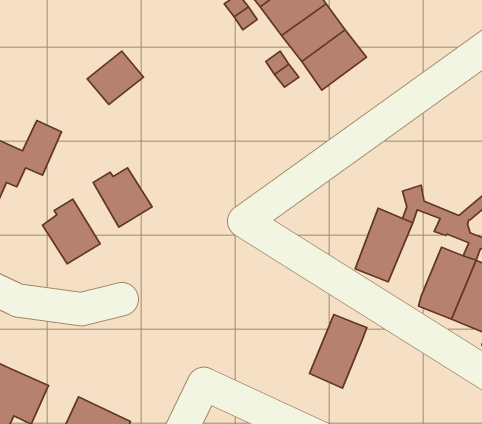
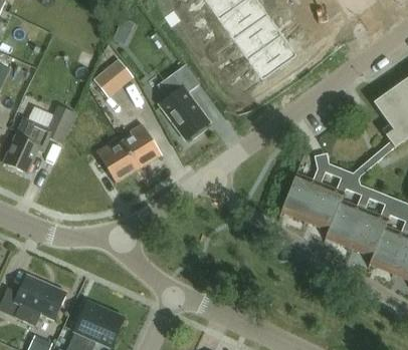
building: none -> [157,64,210,140]
building: [43,199,100,264] -> [122,122,162,167]
building: [309,315,367,388] -> [303,179,344,230]

